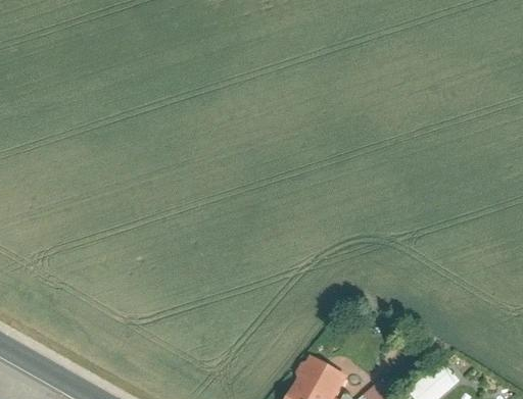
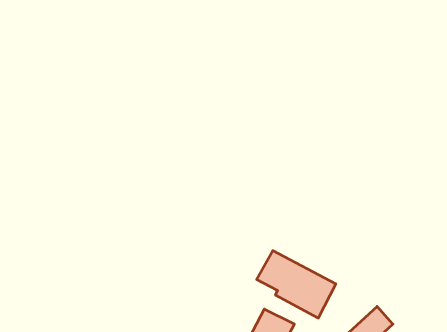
building: none -> [257,251,336,318]

